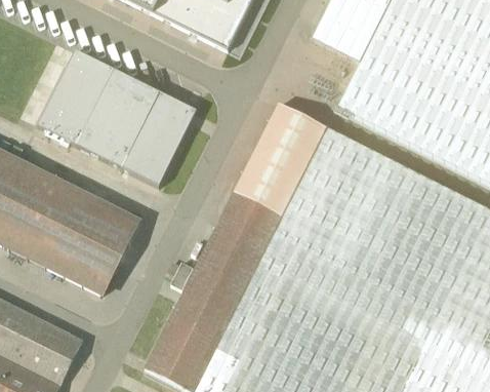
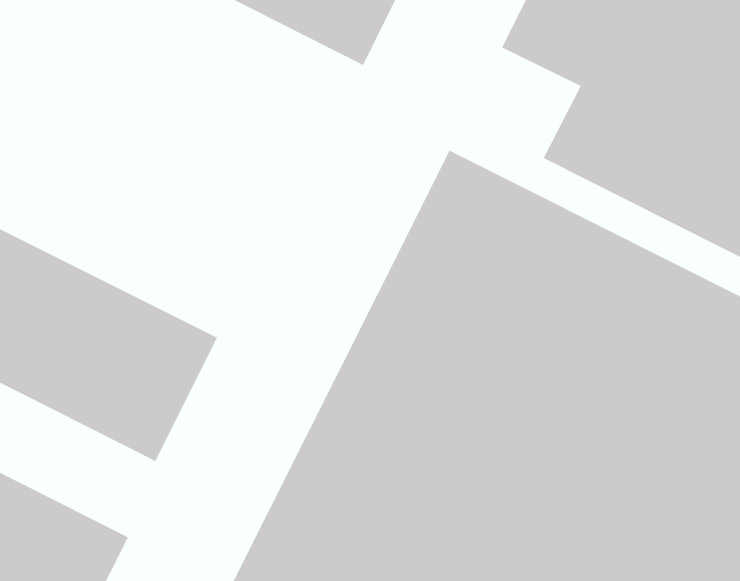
building: [38,50,196,187] -> none

